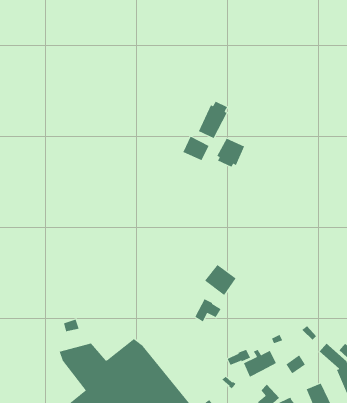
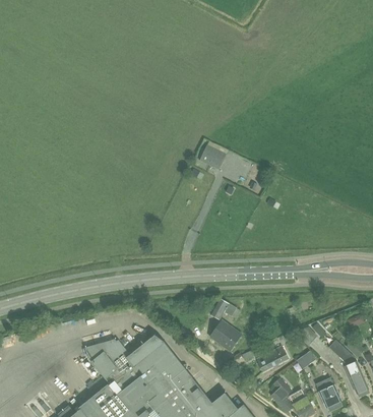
building: [198,101,228,139] -> none
building: [216,138,245,168] -> none
building: [204,264,237,296] -> [210,321,241,351]

